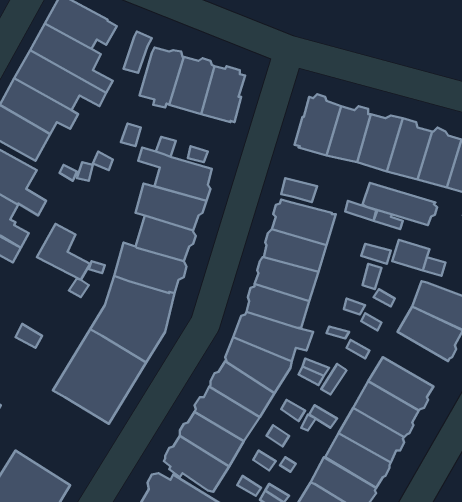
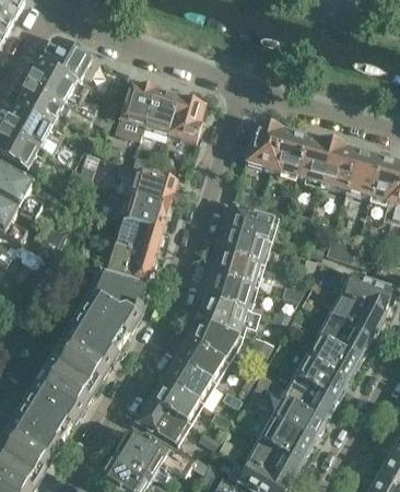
building: [363,183,437,225] -> none
building: none -> [317,314,370,359]
building: none -> [16,362,93,440]

